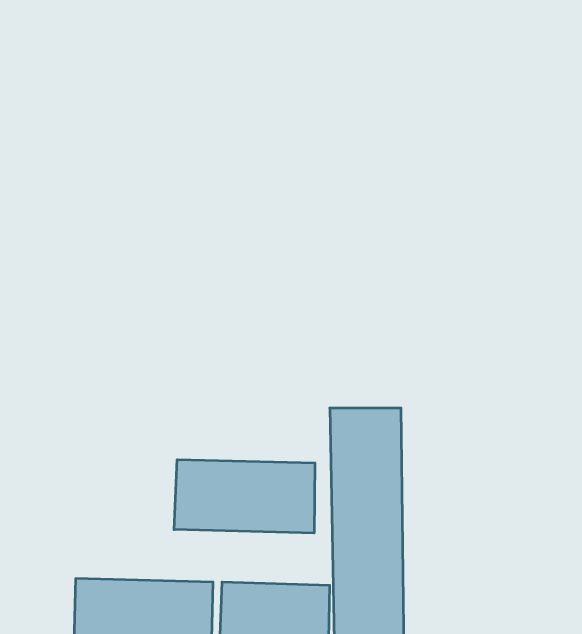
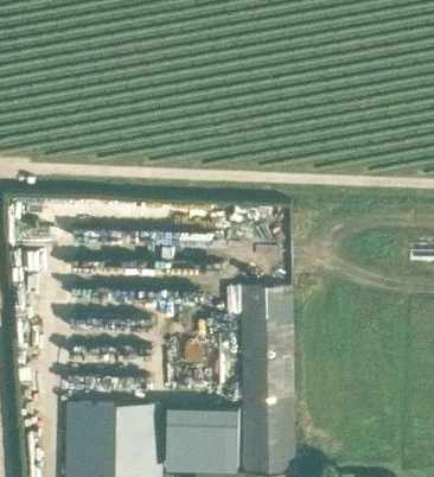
building: [174,460,315,533] -> none

